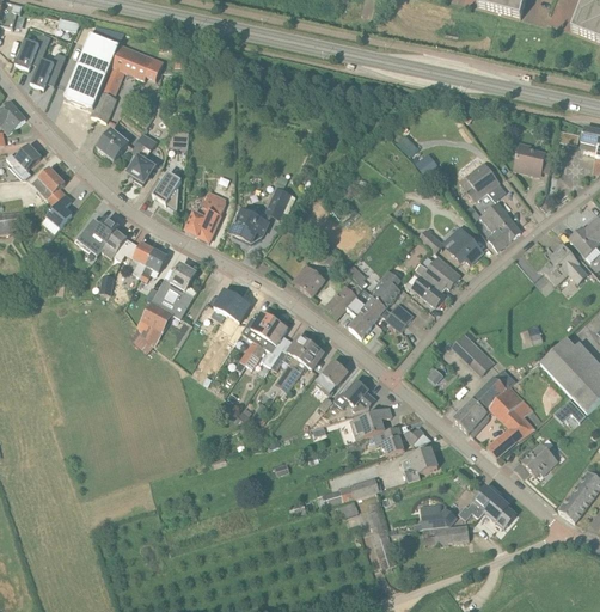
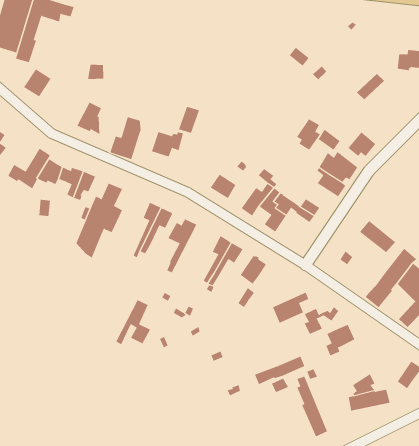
building: [128,133,158,183] -> none
building: [480,202,520,250] -> none
building: [373,270,400,306] -> [296,118,321,151]
building: [246,319,287,369] -> [116,300,151,345]
building: [333,379,375,410] -> none
building: [458,485,497,519] -> none

